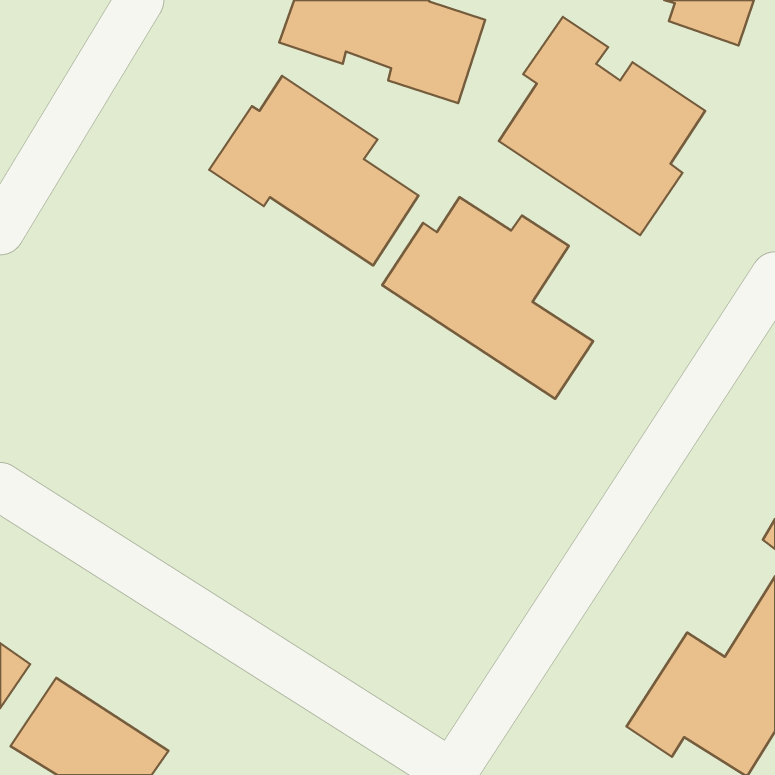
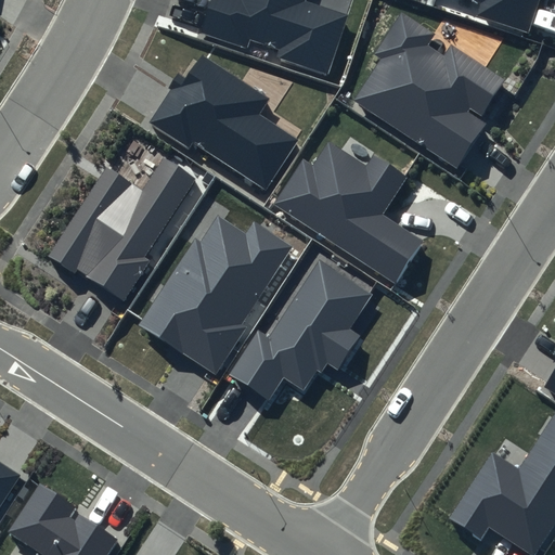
building: none -> [50,158,195,300]
building: none -> [141,217,292,374]
building: none -> [227,260,372,403]

